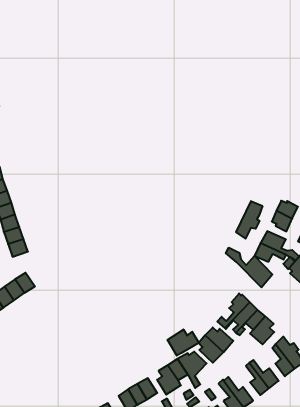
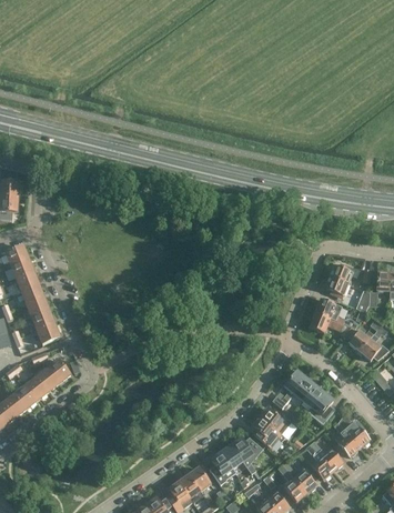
building: [236,201,262,239] -> none
building: [226,248,272,287] -> none
building: [168,329,199,356] -> none

